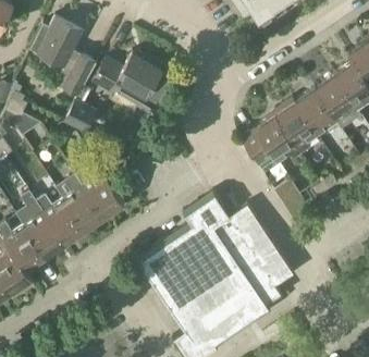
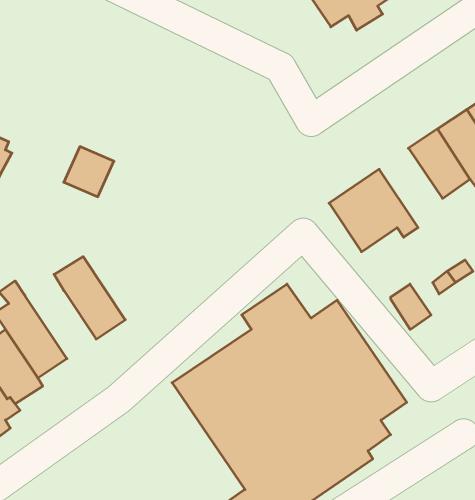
building: [30,17,96,97] -> none
building: [91,53,176,104] -> none
building: [275,102,318,156] -> none
building: [76,171,126,218] -> none
building: [37,196,85,244] -> none

